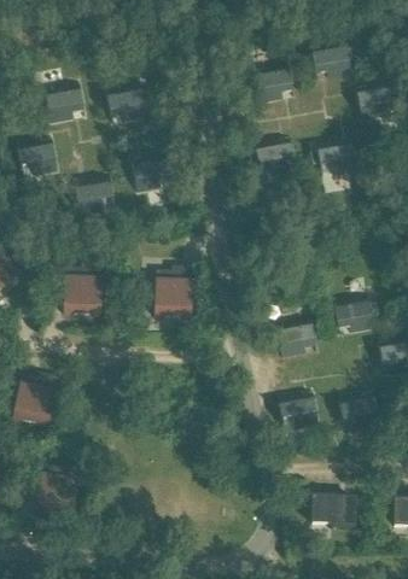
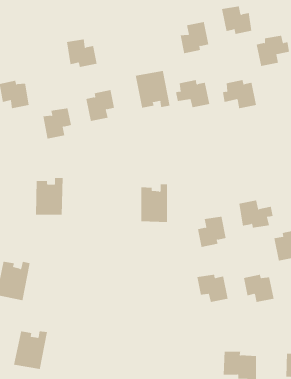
building: [46,81,83,122] -> none
building: none -> [135,70,170,108]
building: [156,268,192,318] -> [140,184,168,222]

